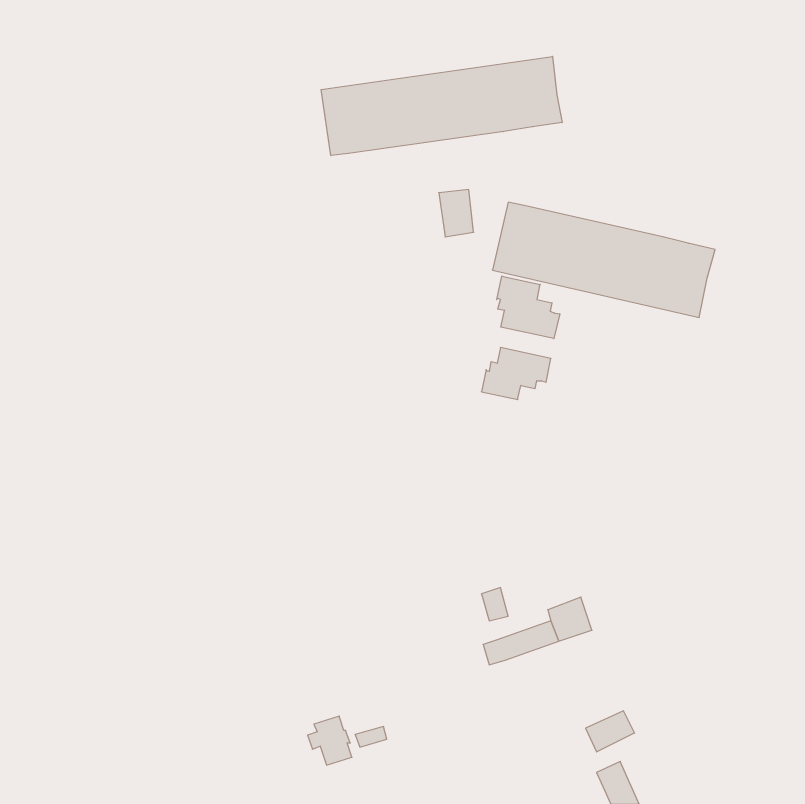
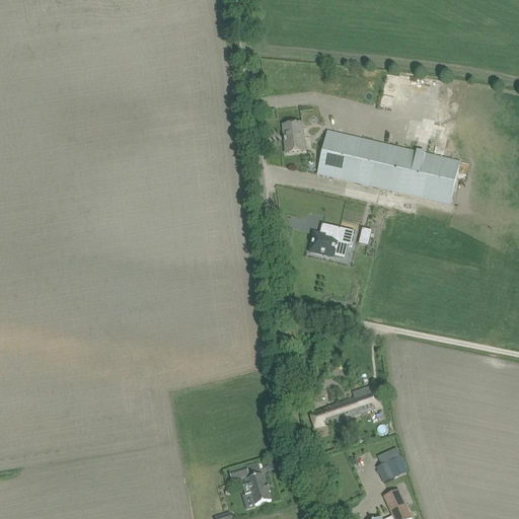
building: [321,56,562,156] -> none
building: [497,276,560,339] -> none
building: [308,716,352,765] -> [242,473,271,505]

